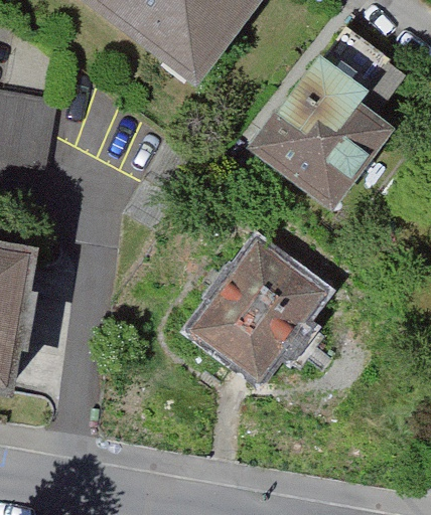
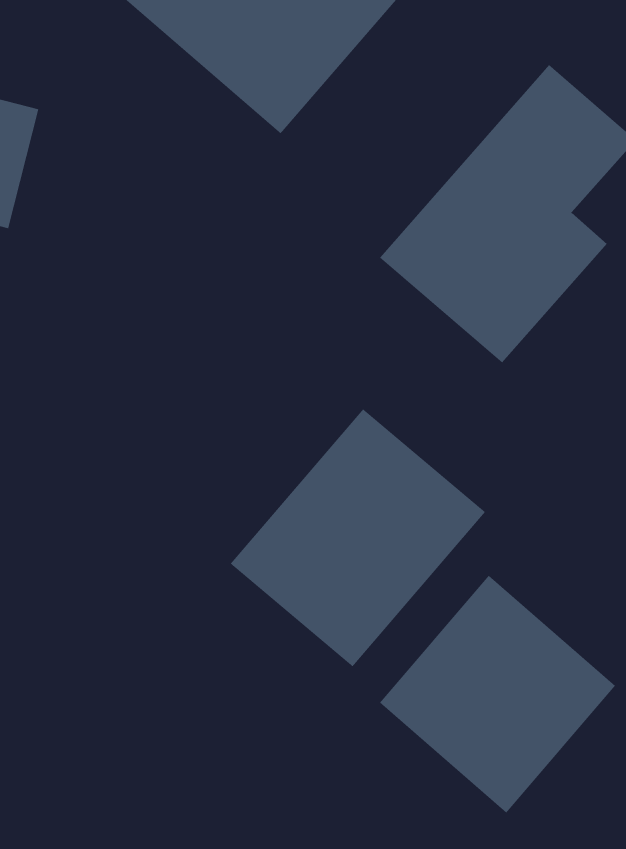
building: none -> [379,575,616,813]

